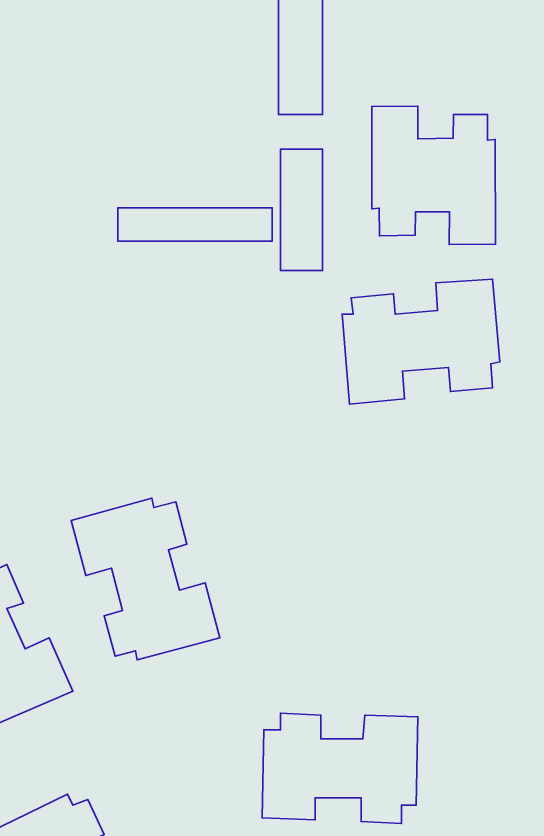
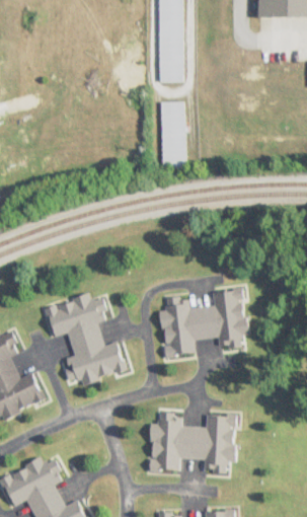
building: [372,106,495,244] -> none
building: [118,208,272,241] -> none
building: [342,279,500,404] -> [160,289,247,358]

